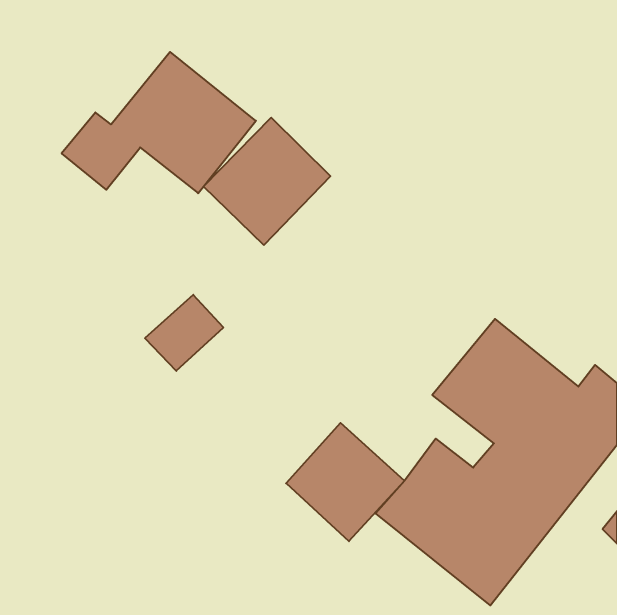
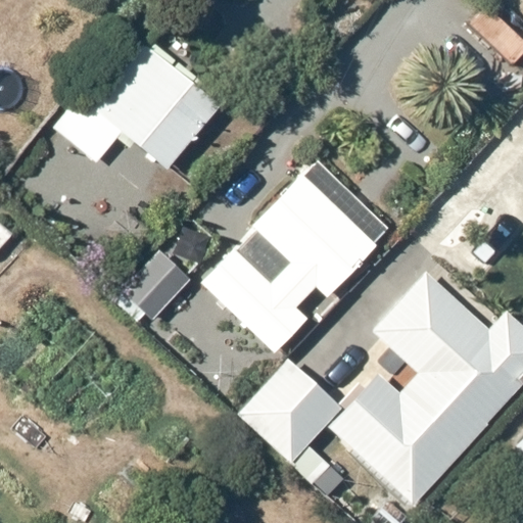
building: [203,118,330,245] -> none
building: none -> [212,161,396,358]

